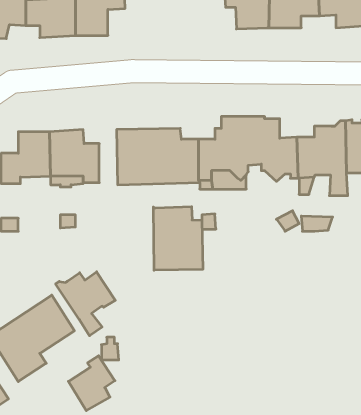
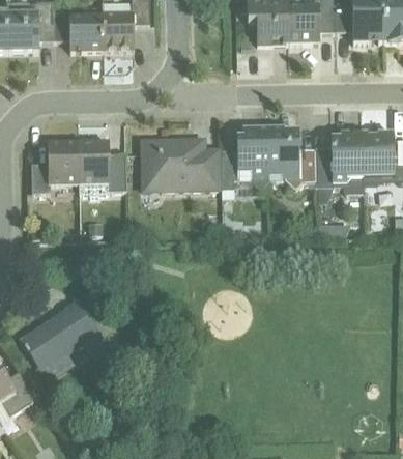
building: [153,207,203,270] -> none
building: [56,272,115,336] -> none
building: [68,356,115,411] -> none

